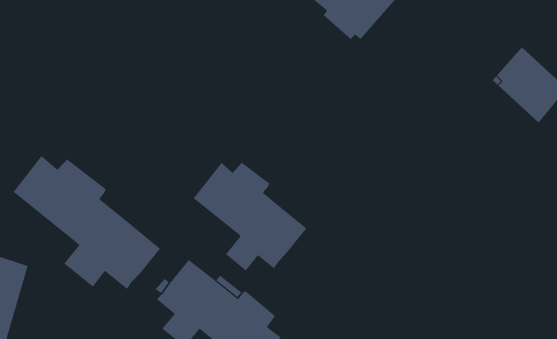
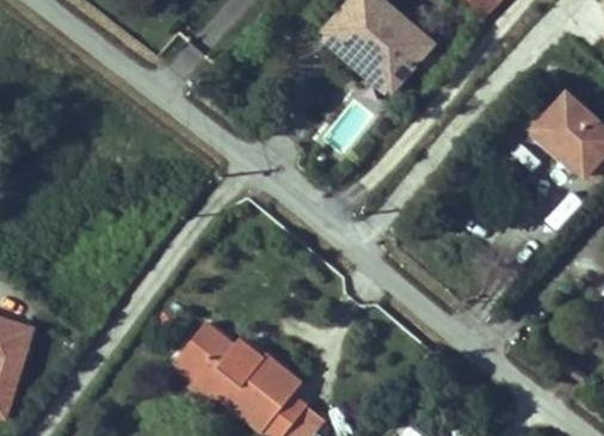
building: [13,155,161,290] -> none
building: [193,162,307,272] -> none

